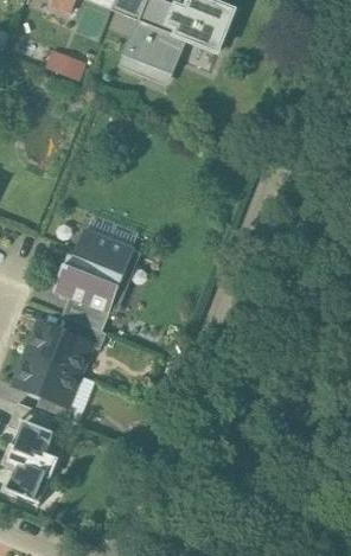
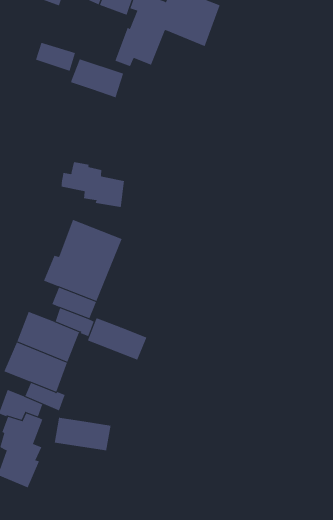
building: none -> [71,58,124,98]
building: none -> [61,161,125,208]
building: none -> [87,317,147,360]
building: none -> [54,417,111,451]

